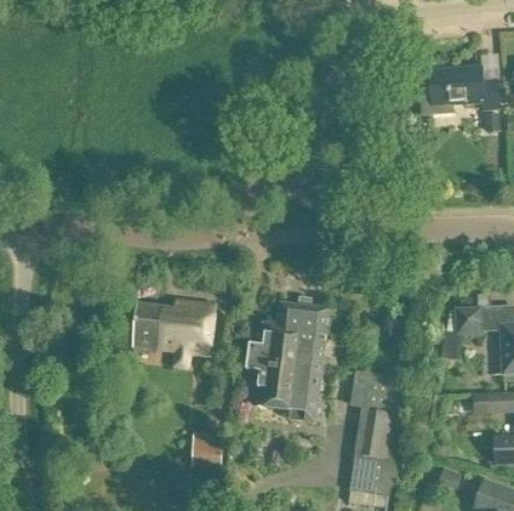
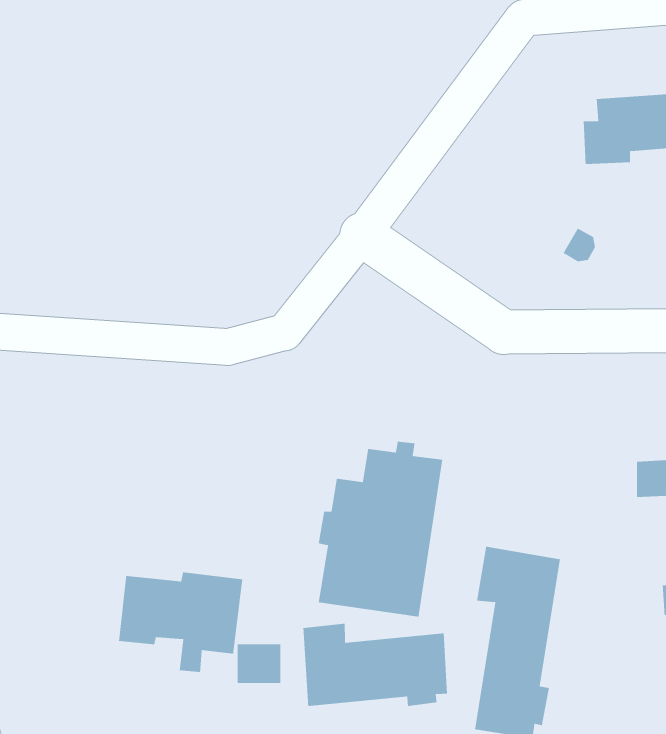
building: [132,300,215,367] -> [118,572,243,673]
building: none -> [303,623,448,707]

